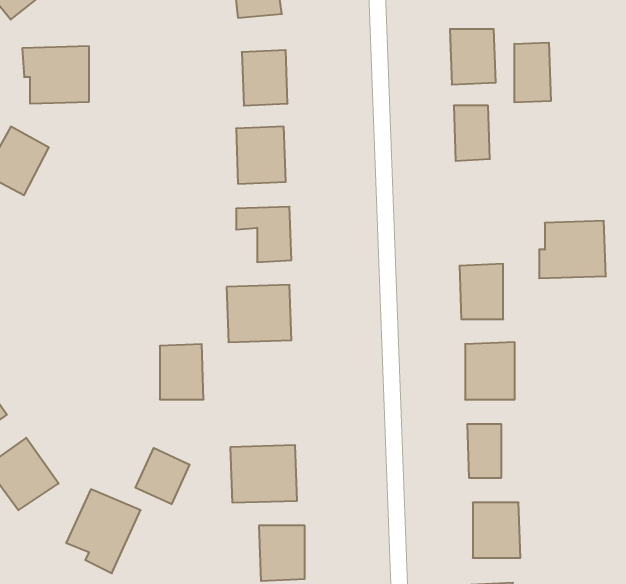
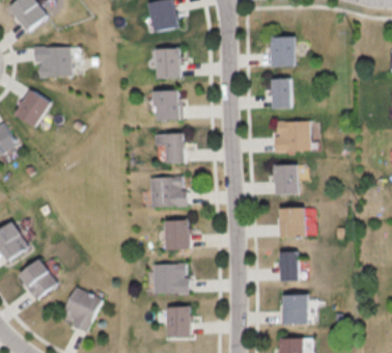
building: [514,43,551,102] -> none
building: [539,221,606,278] -> [275,120,311,152]
building: [160,344,204,399] -> [164,219,188,249]
building: [136,448,189,504] -> none

